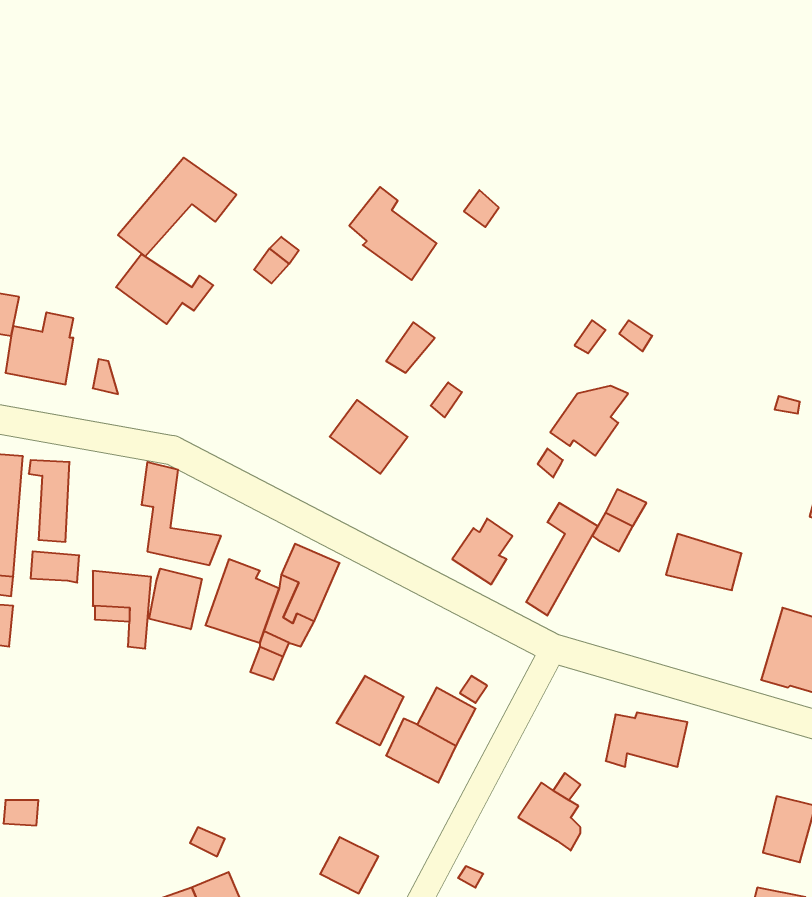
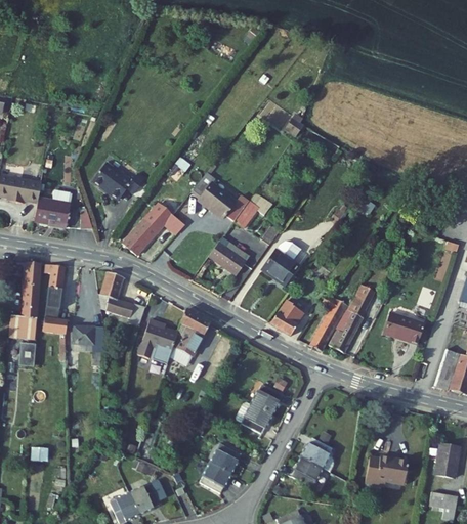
building: [118,158,236,257] -> [120,199,182,251]
building: [349,187,437,280] -> [187,164,234,213]
building: [550,386,628,456] -> [256,246,297,282]
building: none -> [325,310,356,351]
building: [149,569,202,629] -> none
building: [336,676,404,745] -> none
building: [606,712,687,767] -> [364,457,407,486]
building: none -> [209,446,240,477]
building: none -> [292,456,324,487]

